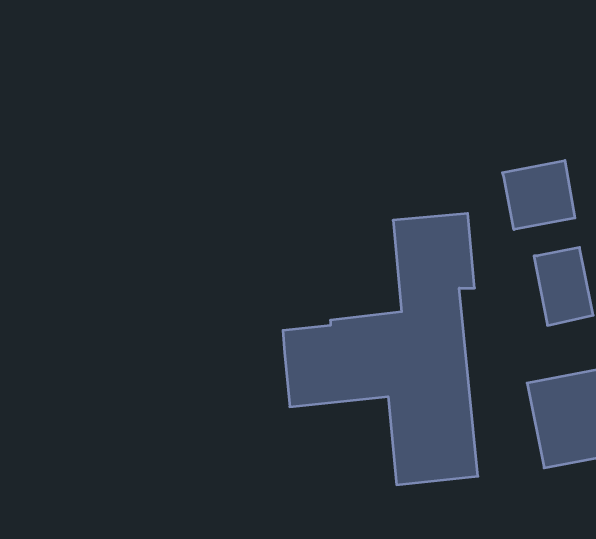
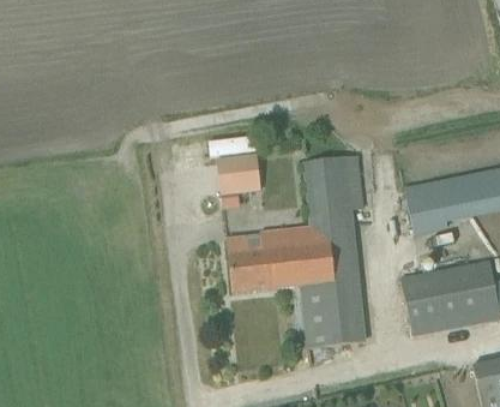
building: [502,160,575,230] -> none
building: none -> [218,154,260,193]

